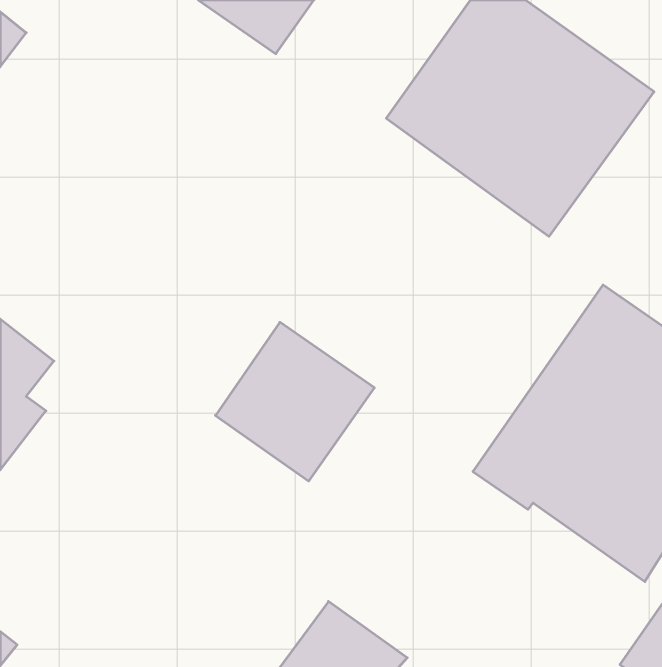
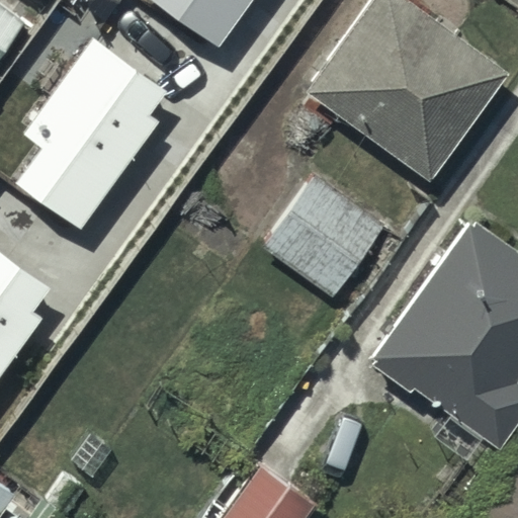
building: none -> [14,28,163,218]
building: [215,322,374,481] -> [264,177,386,299]

